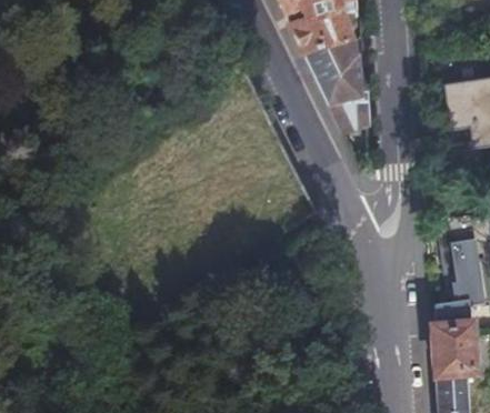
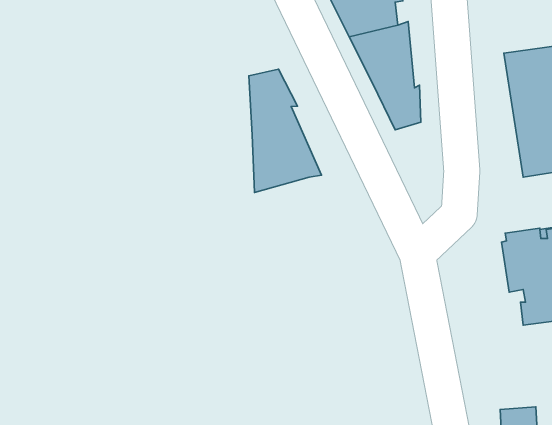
building: none -> [249,69,322,193]
building: [433,324,474,375] -> none

